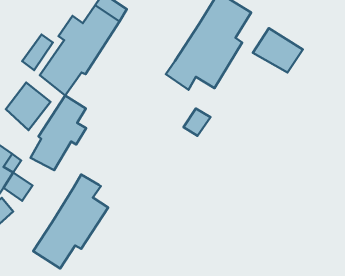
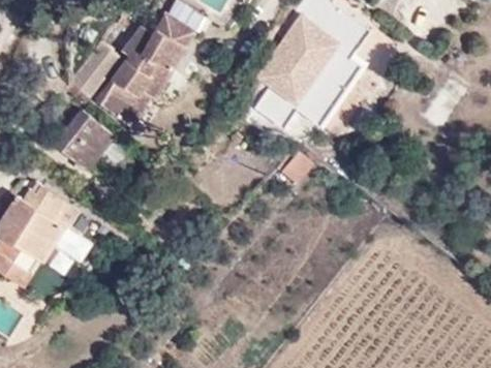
building: [253,28,303,72] -> none
building: [30,95,86,170] -> none
building: [33,175,108,269] -> none

